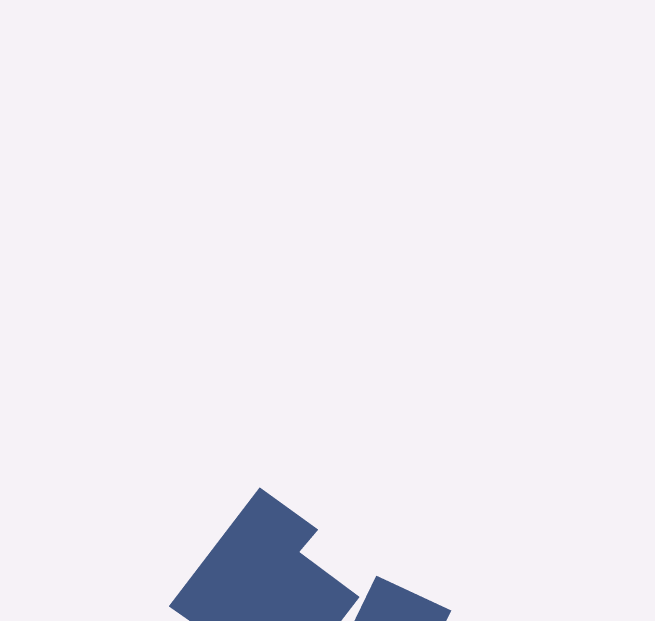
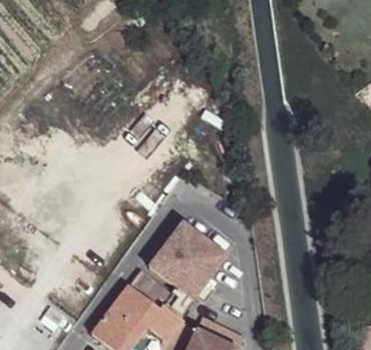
building: none -> [148,224,226,301]

